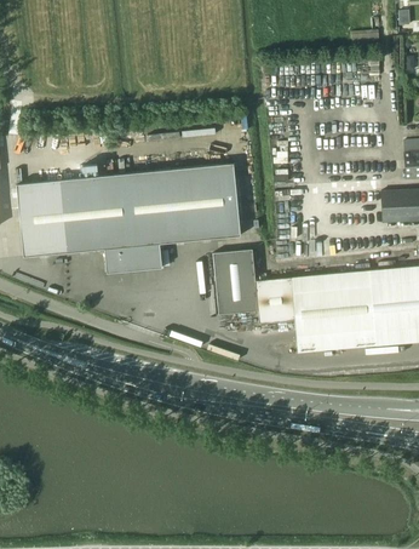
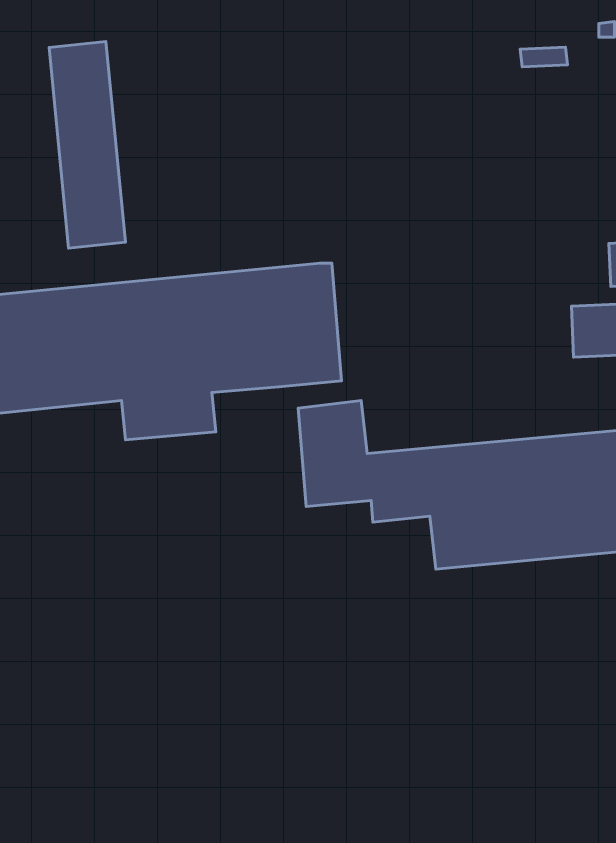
building: none -> [49,42,125,248]

